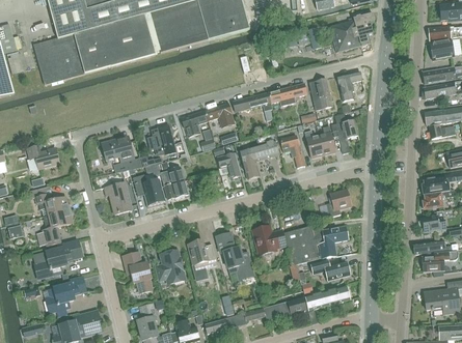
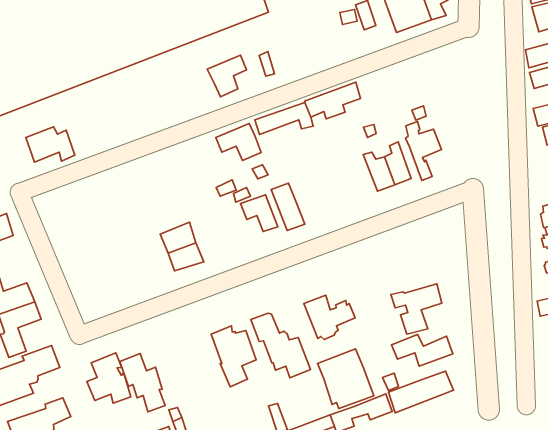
building: [336,70,361,101] -> none
building: [309,78,332,110] -> none
building: [181,110,208,137] -> [207,55,247,97]
building: [146,124,175,154] -> none
building: [251,133,279,161] -> none
building: [280,134,305,167] -> none
building: [102,137,134,161] -> [26,127,75,162]
building: [133,174,165,205] -> none
building: [104,181,132,213] -> none
building: [326,189,351,217] -> none
building: [284,225,321,264] -> [318,349,374,408]
building: [156,249,185,283] -> [87,353,131,403]

